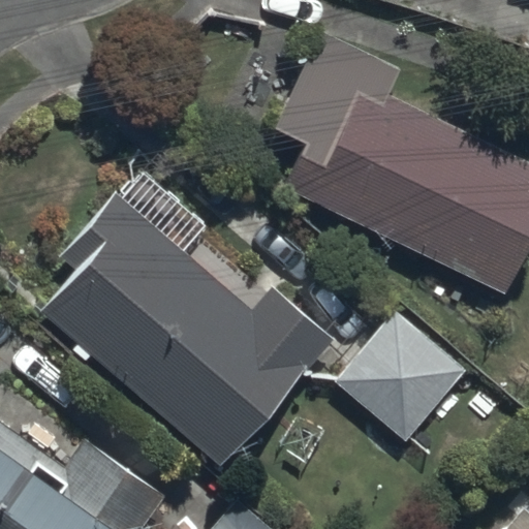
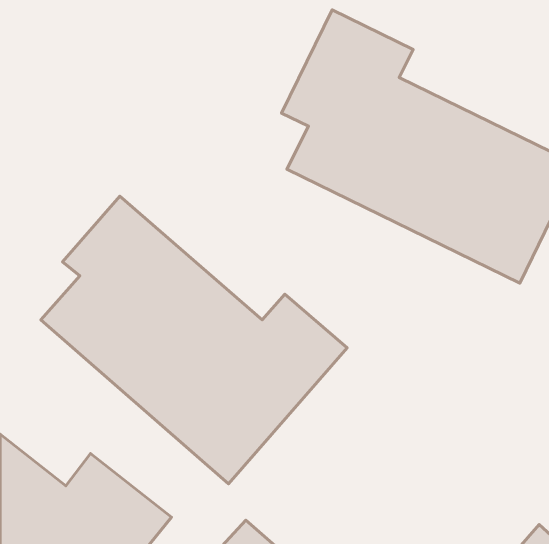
building: [335,316,469,449] -> none

